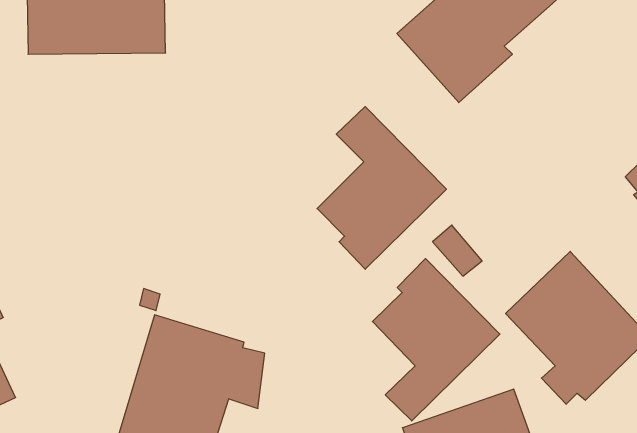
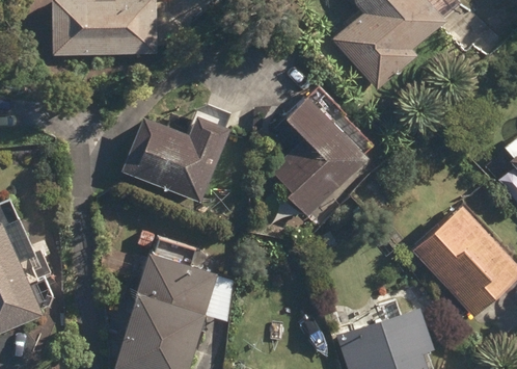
building: none -> [121,107,232,202]
building: [372,259,500,421] -> none

